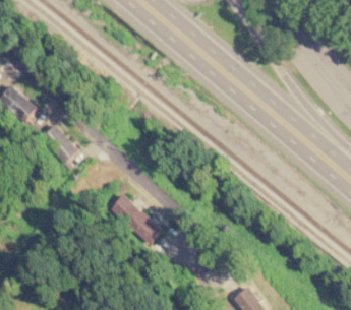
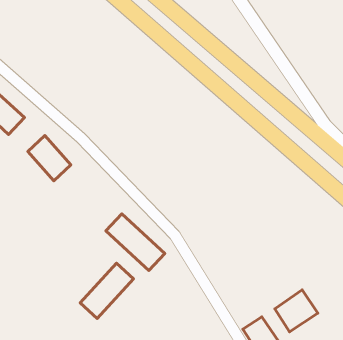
building: none -> [80,263,134,319]
building: none -> [275,290,318,332]

